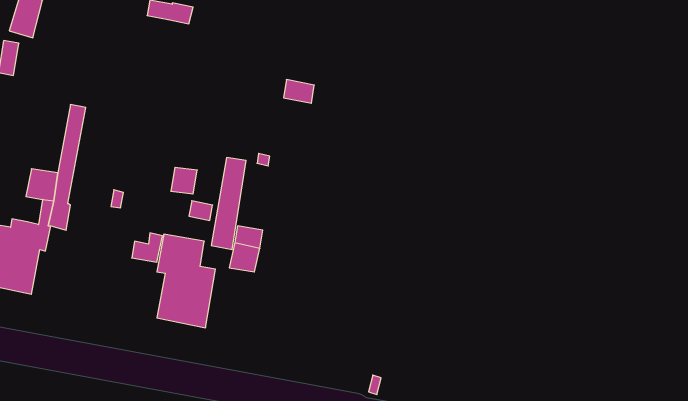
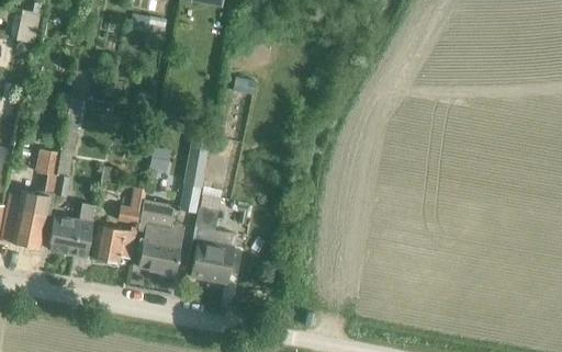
building: none -> [47,203,94,257]
building: none -> [91,225,136,262]
building: none -> [190,240,233,283]

